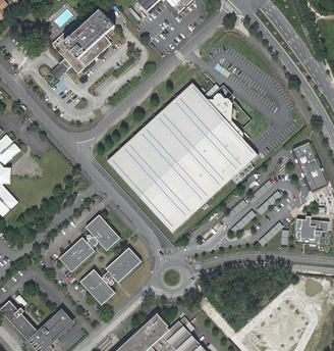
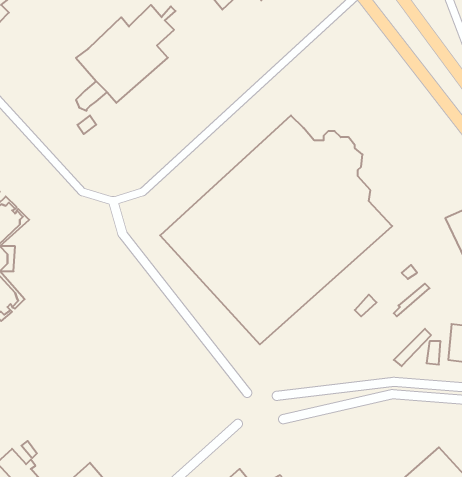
building: [59,215,120,272] -> none
building: [80,248,142,305] -> none

